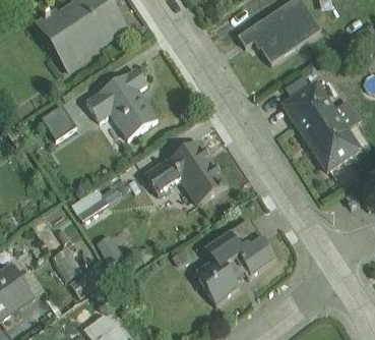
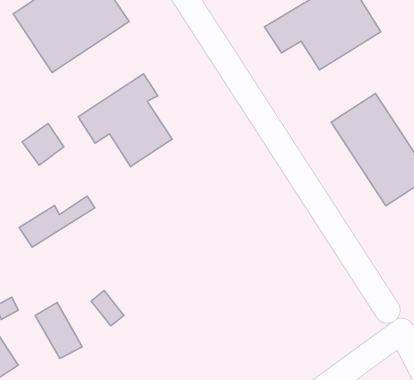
building: [145,141,228,206] -> none
building: [71,181,130,221] -> [19,196,95,247]
building: [197,222,274,300] -> none

